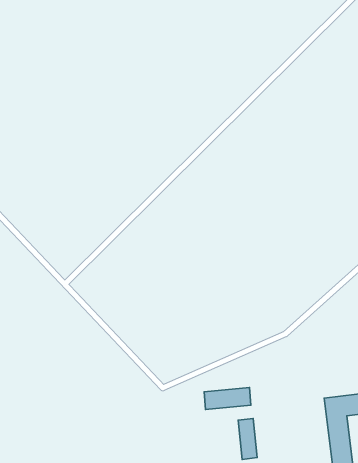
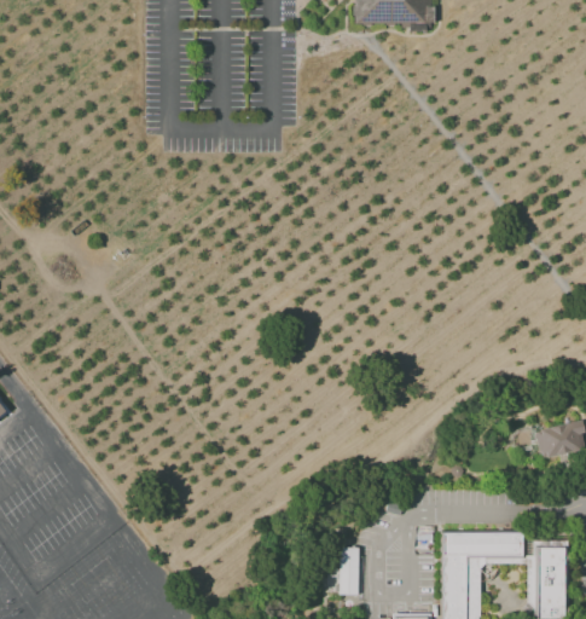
building: [204,387,251,410] -> none

